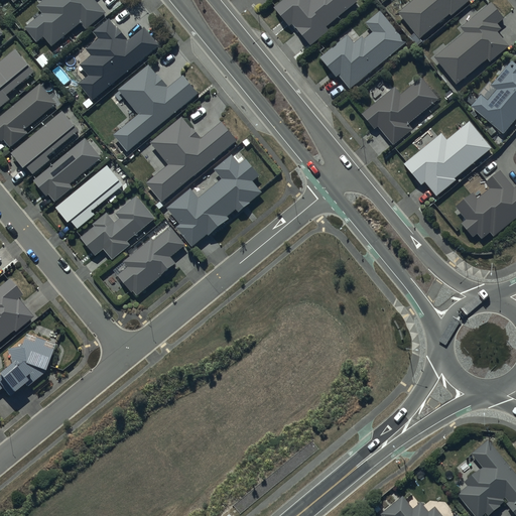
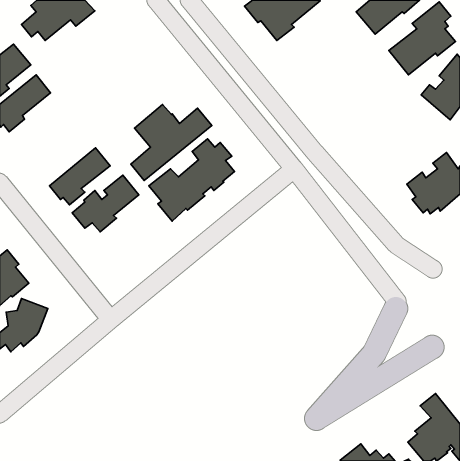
building: [318,11,405,89] -> none
building: [79,19,159,100] -> none
building: [114,64,199,151] -> none
building: [362,78,438,145] -> none
building: [11,111,79,173] -> none
building: [403,121,491,196] -> none
building: [33,138,102,203] -> none
building: [117,227,185,295] -> none

